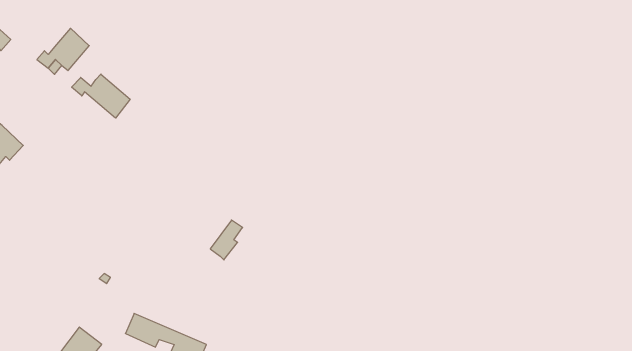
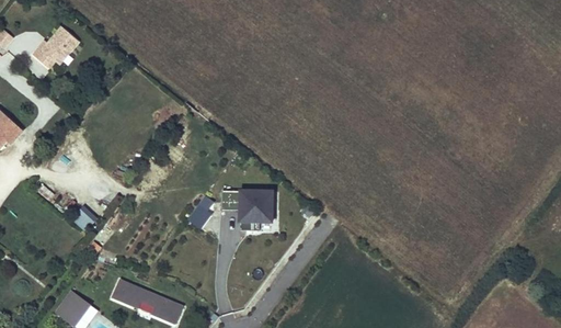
building: [72,74,130,118] -> none
building: none -> [221,191,272,231]

